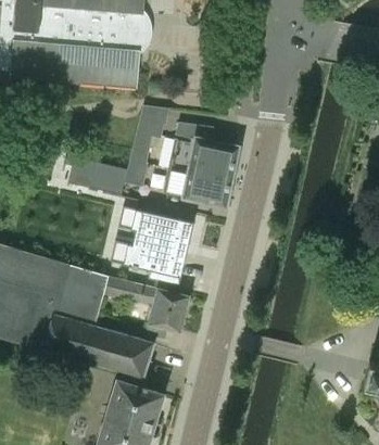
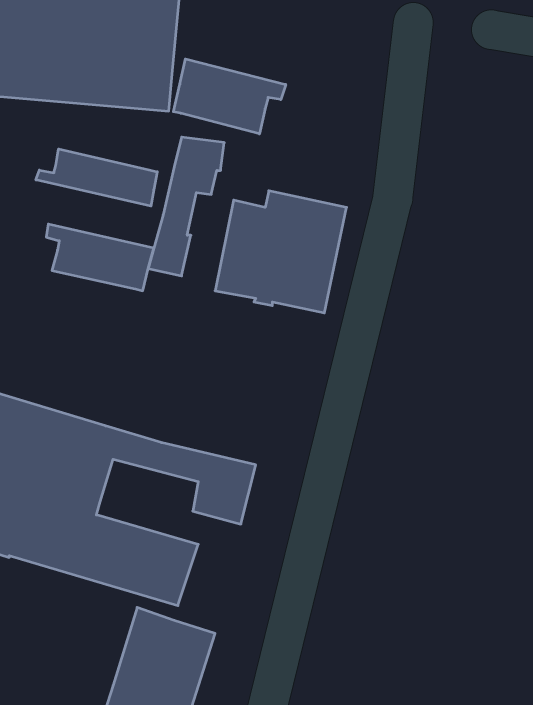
building: none -> [173,59,286,134]
building: none -> [36,149,157,206]
building: [128,209,194,284] -> none

